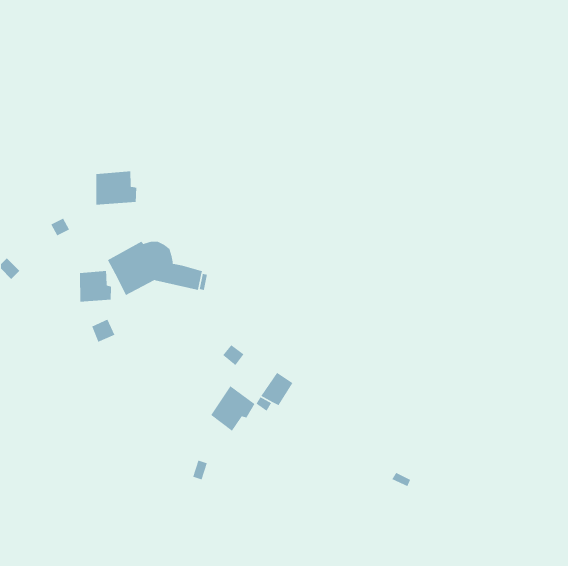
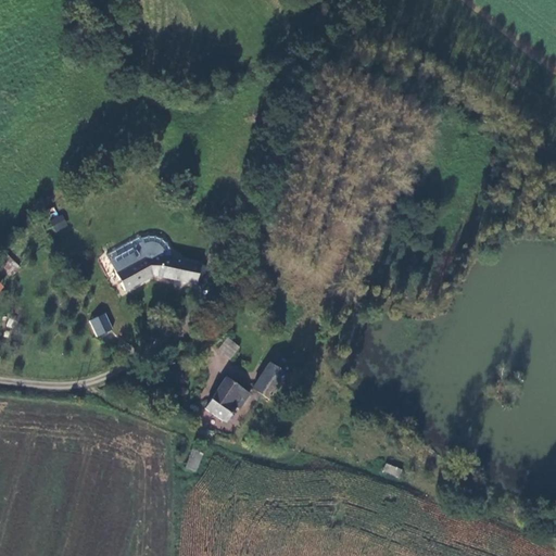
building: [95,170,137,206] -> none
building: [79,270,112,303] -> none

